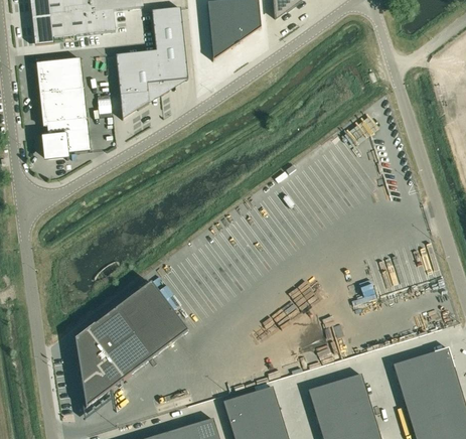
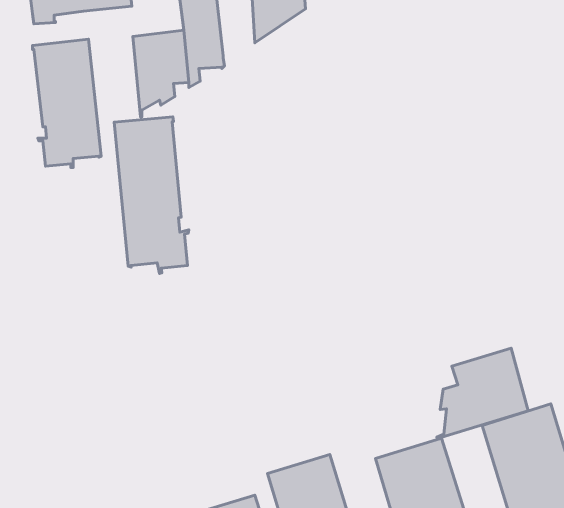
building: none -> [114,117,189,273]
building: [74,281,187,408] -> none
building: none -> [437,348,528,439]

